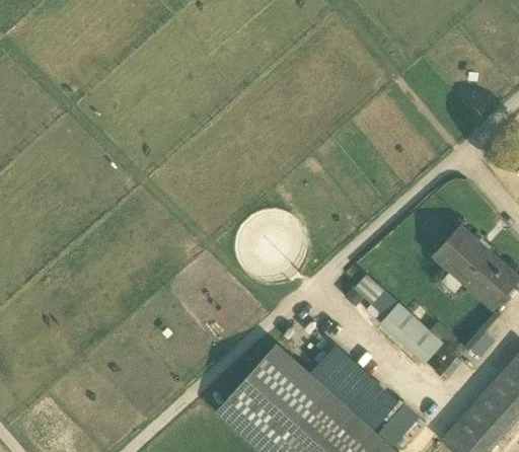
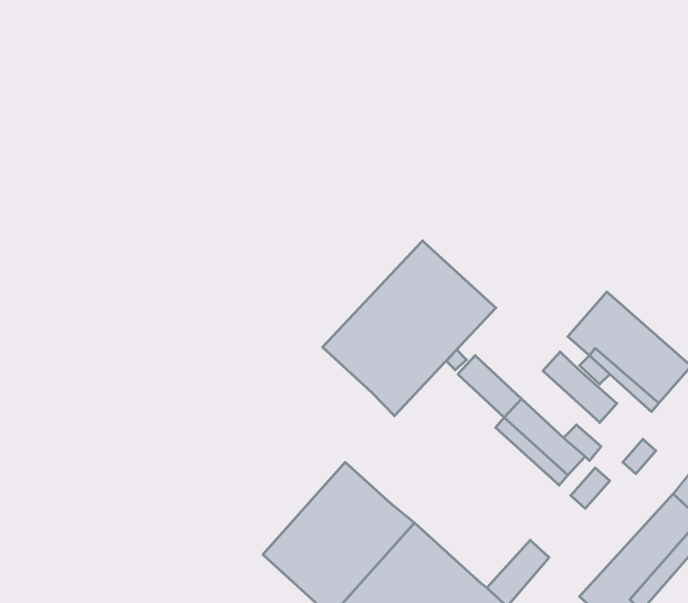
building: none -> [323,241,496,416]
building: none -> [543,352,617,423]
building: [308,345,398,432] -> none

